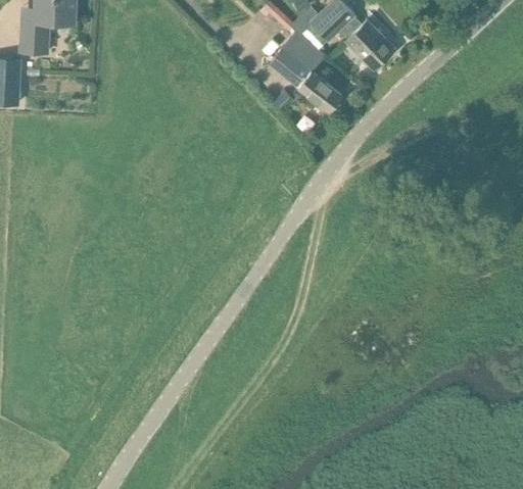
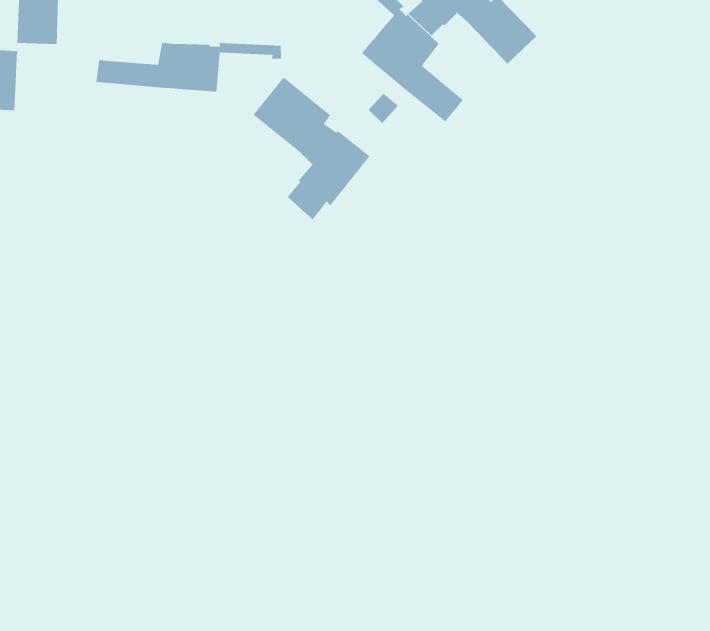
building: none -> [96,42,282,93]
building: none -> [253,77,371,220]

